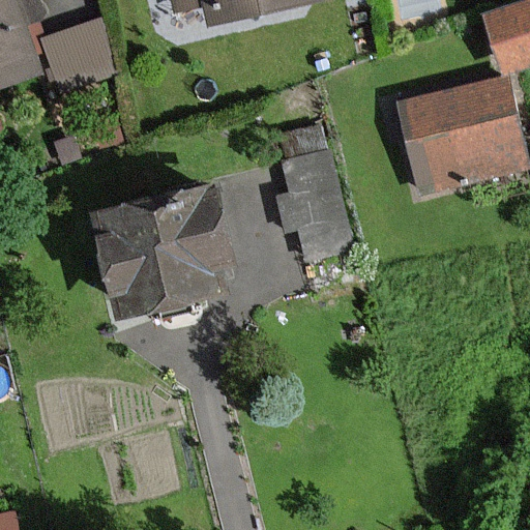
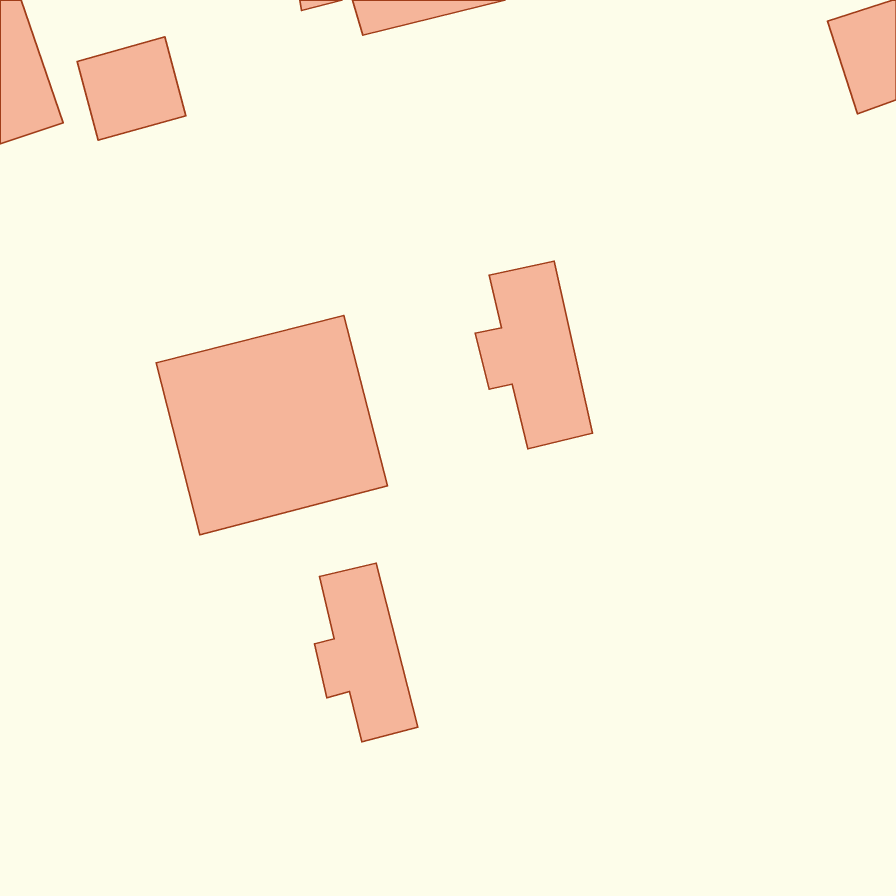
building: [402,82,523,182] -> none
building: none -> [314,563,418,742]

